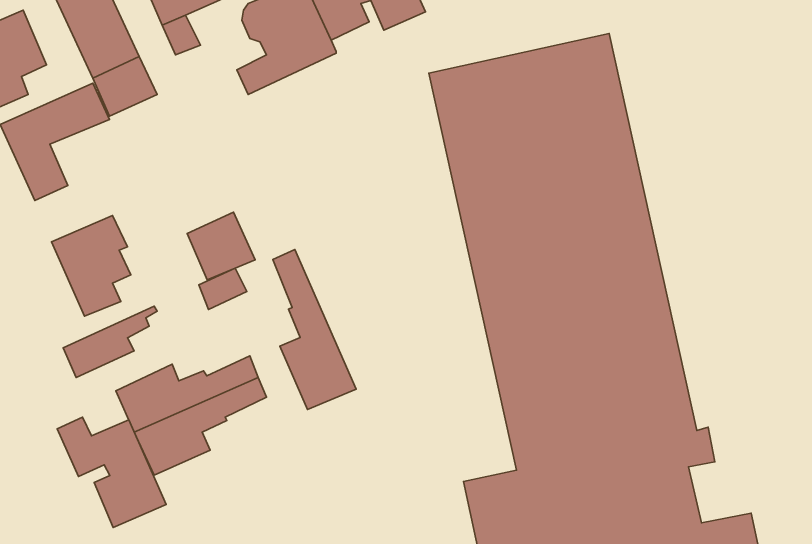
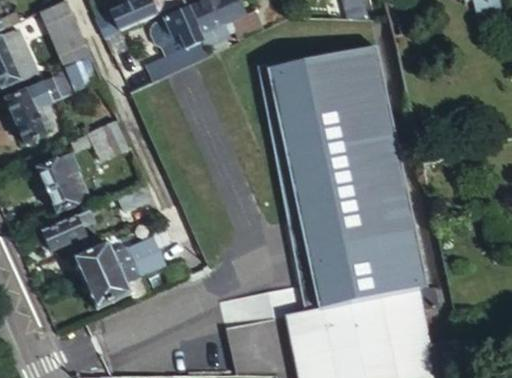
building: [187,212,255,280] -> [90,119,131,160]
building: [273,250,356,410] -> none
building: [57,417,166,527] -> none

